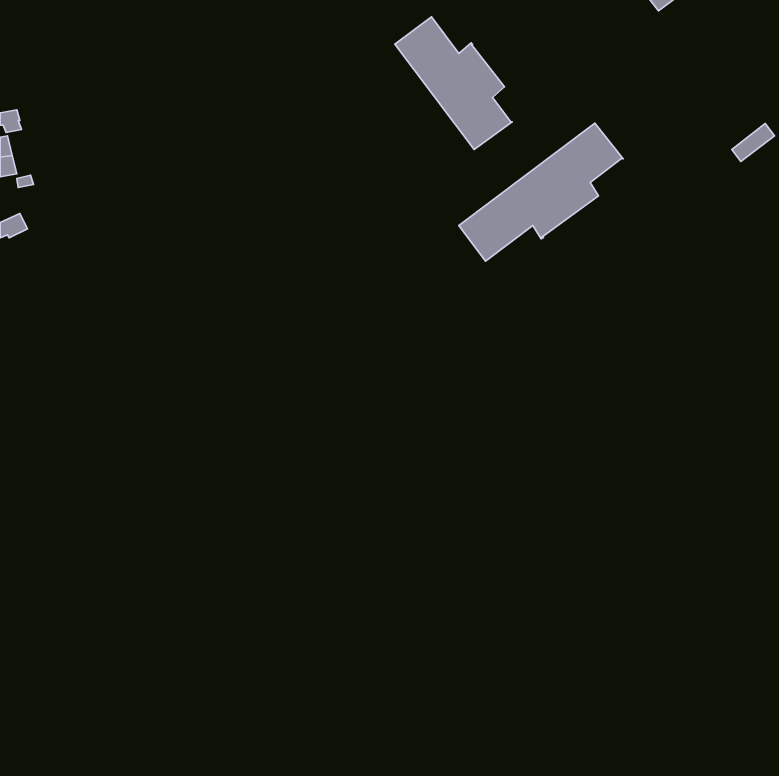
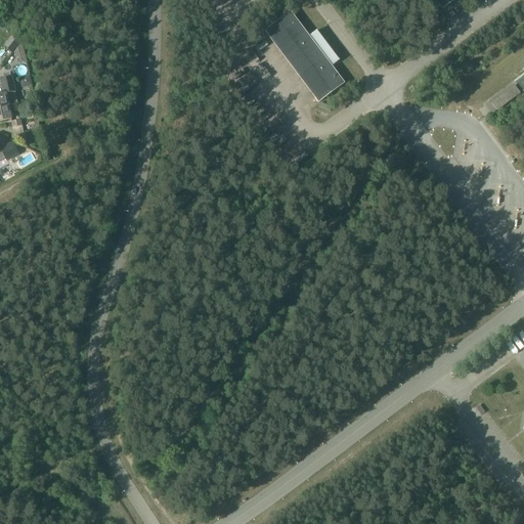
building: [459,123,623,261] -> none

